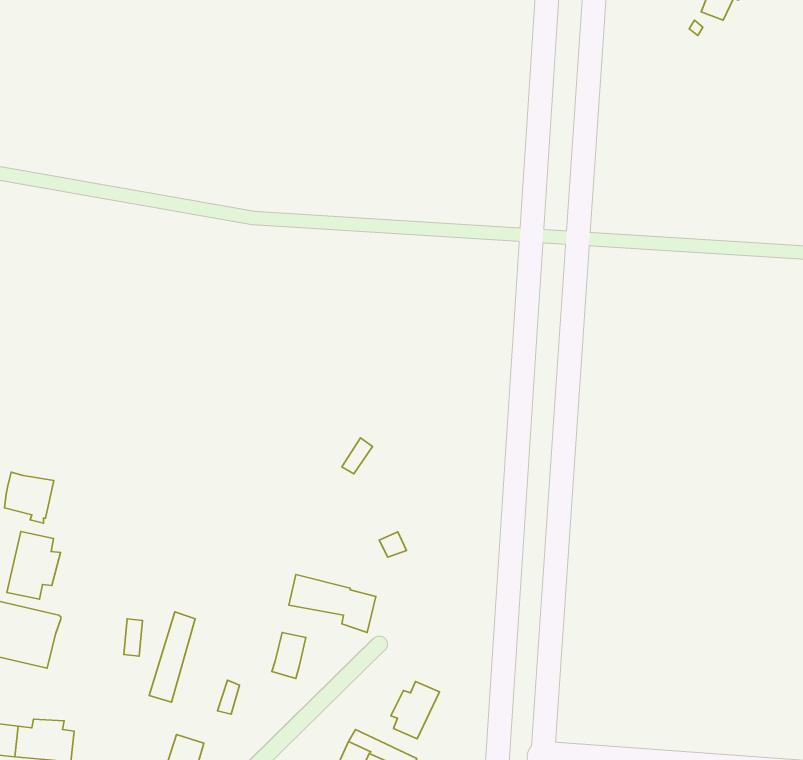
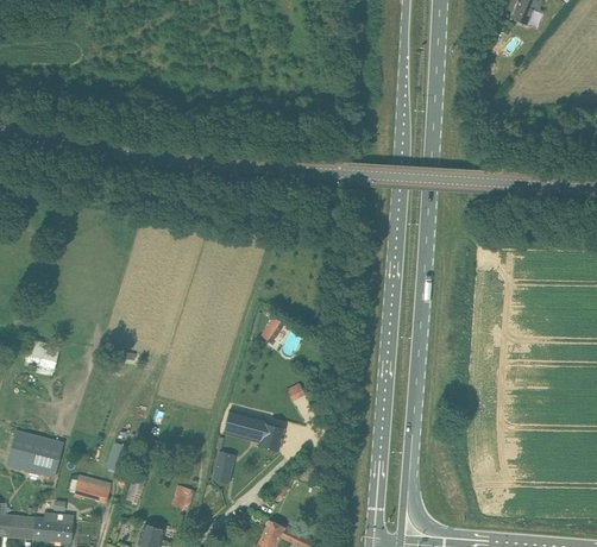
building: [7,532,61,599] -> none
building: none -> [74,474,111,502]
building: [391,681,439,739] -> none

